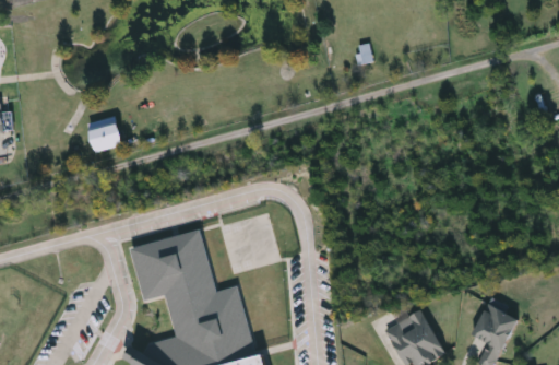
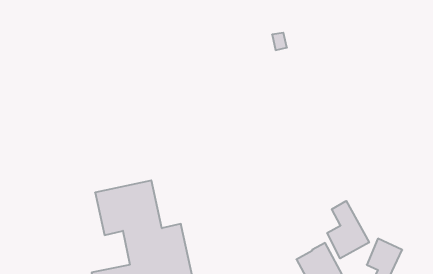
building: [87,118,122,153] -> none
building: none -> [327,201,369,258]

